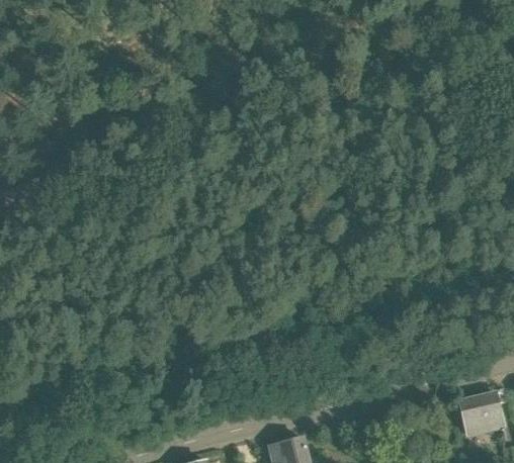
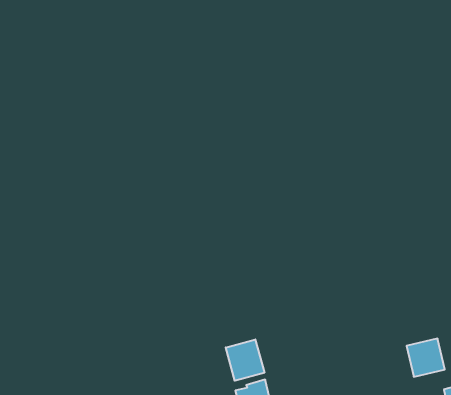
building: none -> [226,339,264,381]

